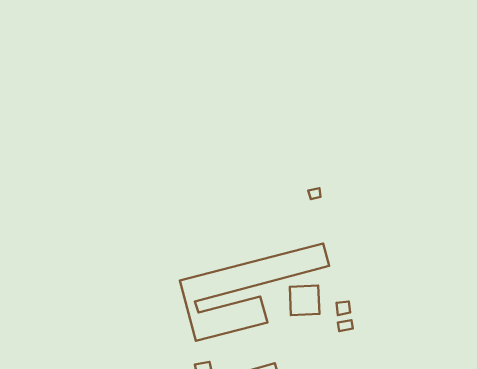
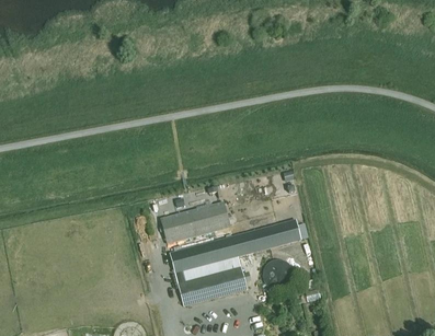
building: none -> [159,201,230,244]

